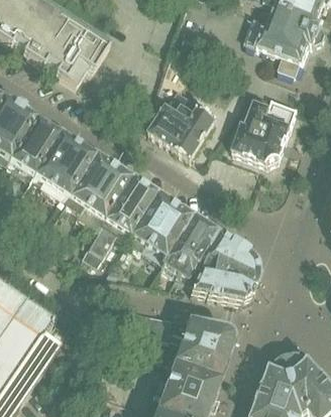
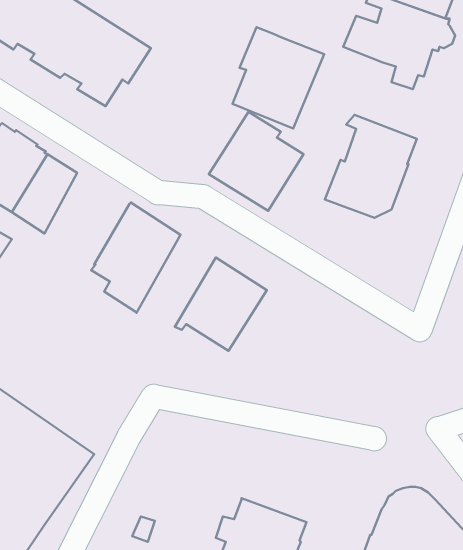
building: none -> [232,27,324,129]
building: [32,129,93,195] -> none
building: [82,174,154,263] -> none
building: [159,214,257,301] -> none
building: [119,307,232,379] -> none

